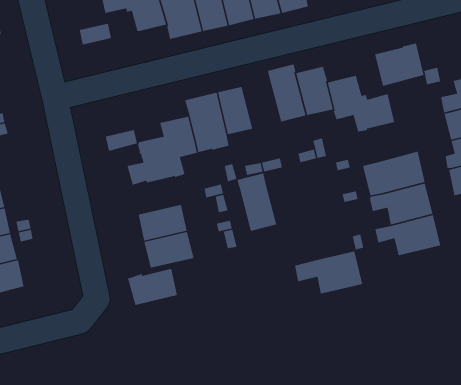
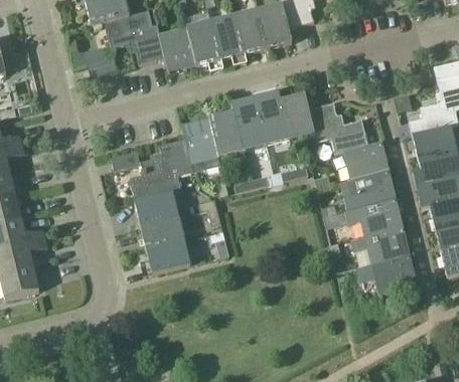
building: [375,43,424,87] -> [344,140,389,179]
building: [237,173,277,232] -> [231,98,267,150]
building: [294,250,363,295] -> [355,253,417,293]
building: [127,268,178,306] -> [133,192,178,225]

